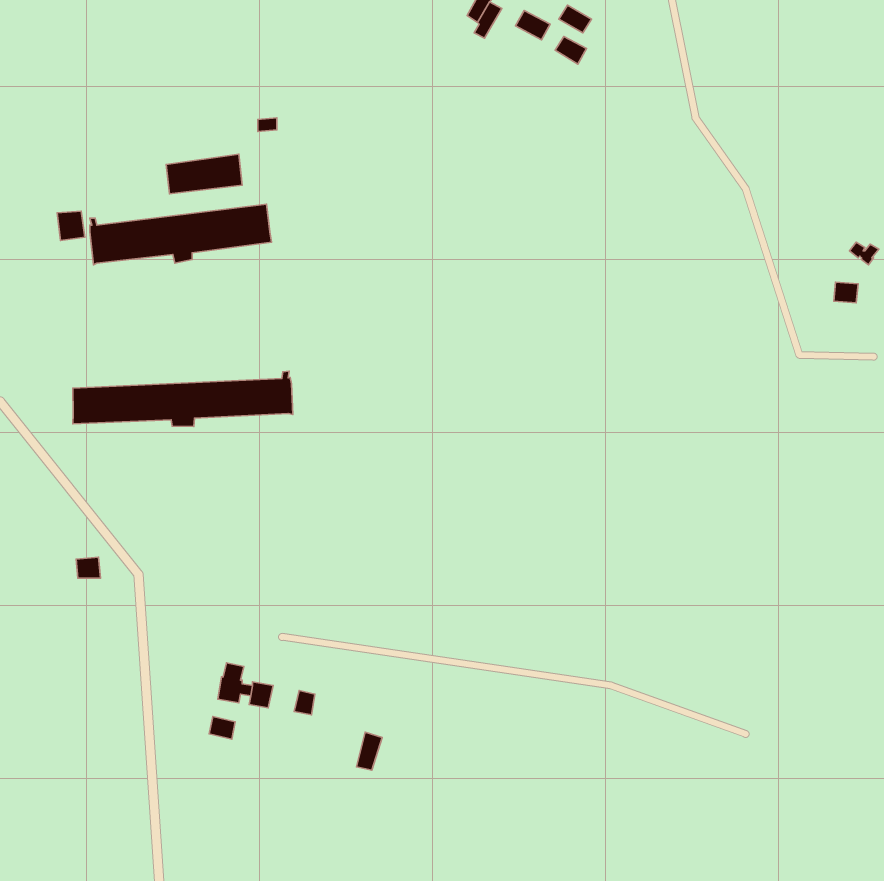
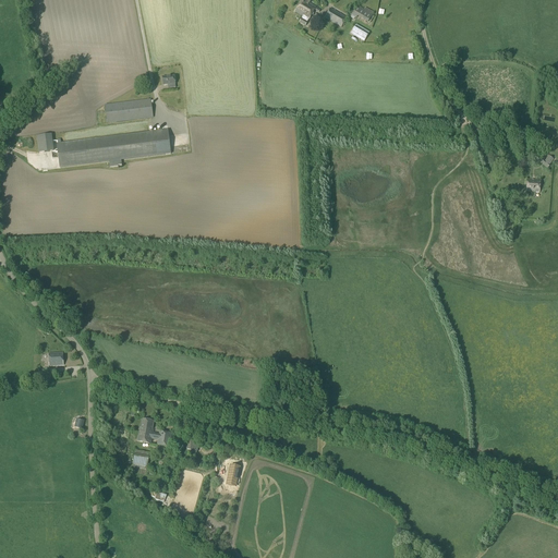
building: [73,371,293,426] -> none

